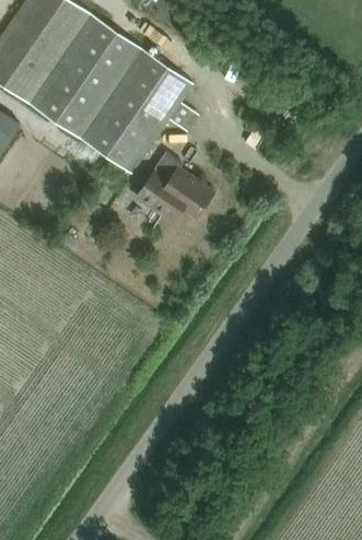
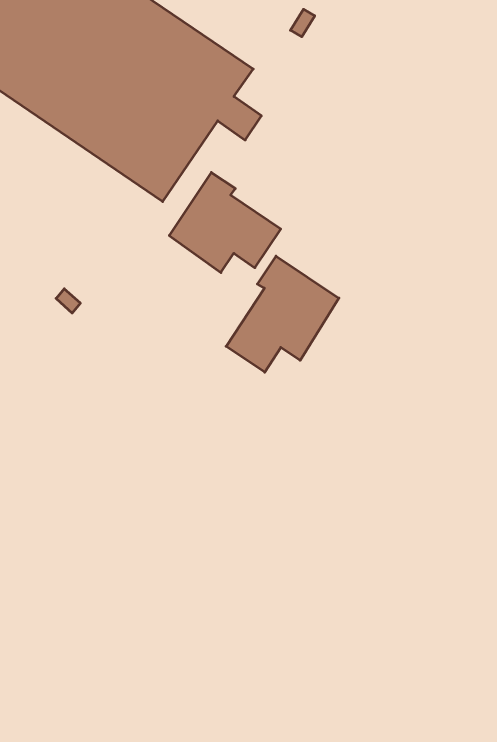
building: none -> [226,256,339,372]

